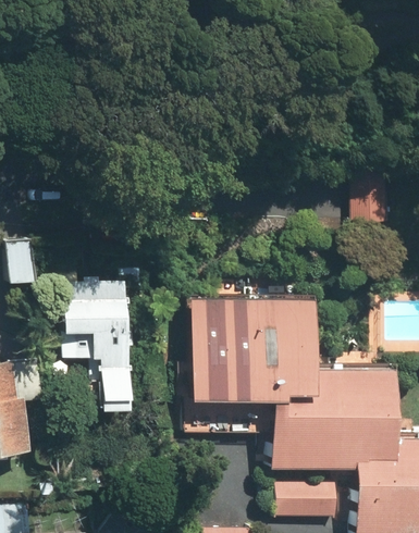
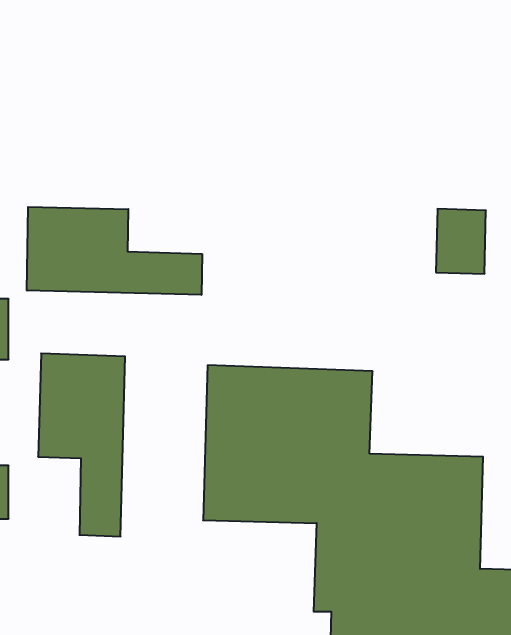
building: none -> [27,207,202,295]

